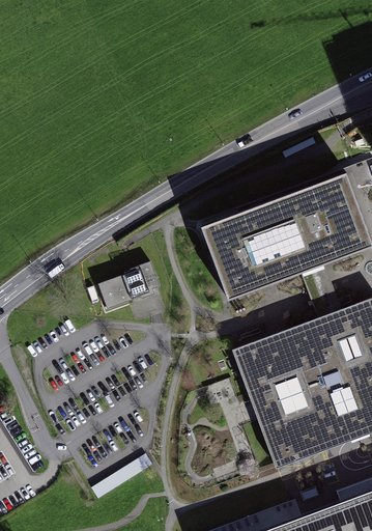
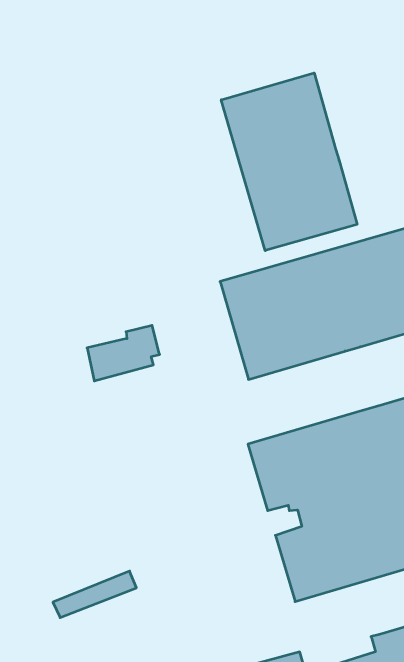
building: none -> [221,73,357,251]

